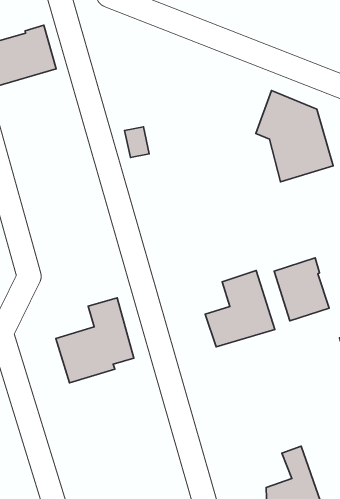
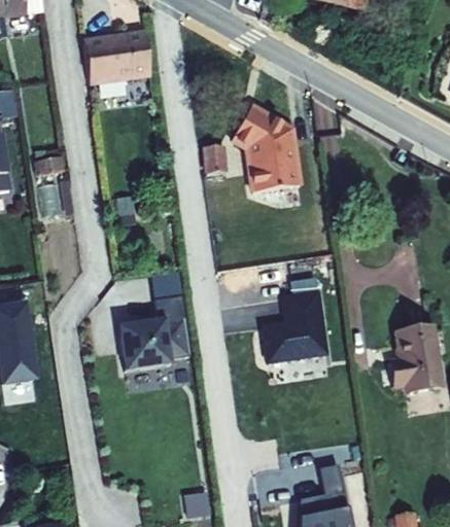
building: [256,90,333,182] -> [233,105,303,194]
building: [274,258,329,321] -> none

